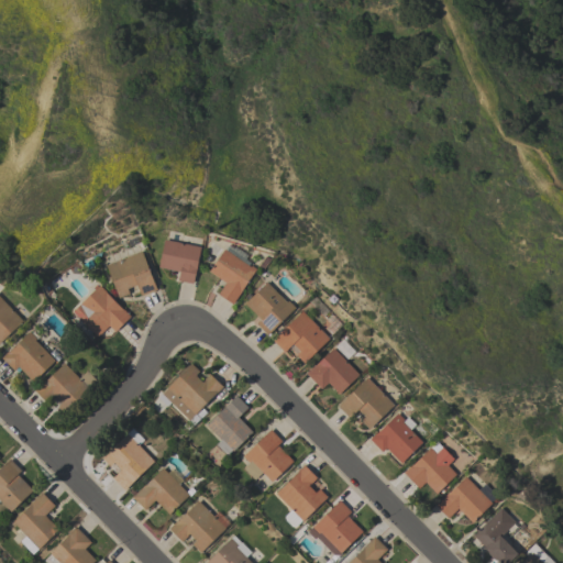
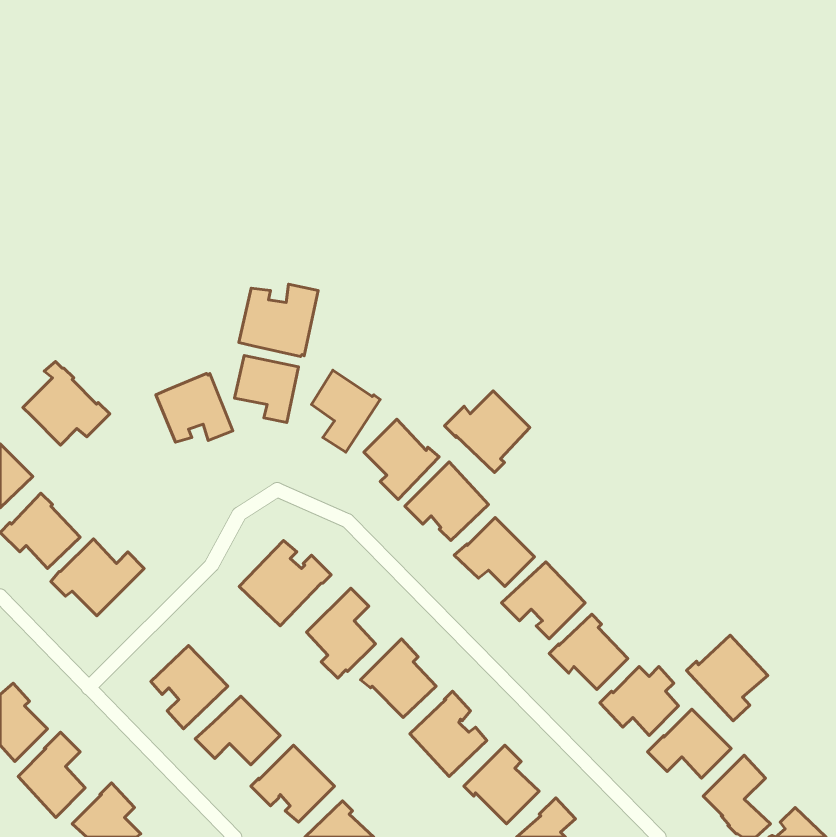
building: none -> [239,284,318,357]
building: none -> [445,391,530,472]
building: [73,280,131,336] -> [23,361,110,445]
building: none -> [686,635,768,721]

